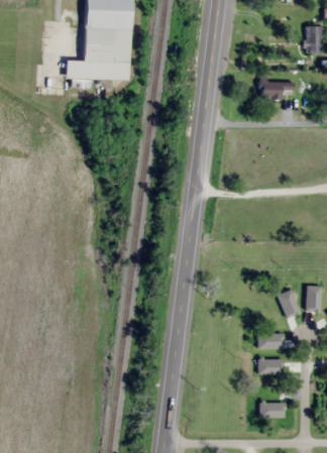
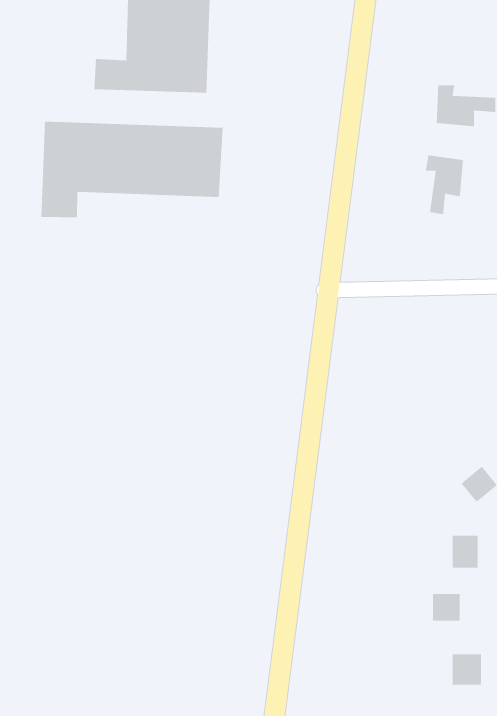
building: none -> [40,121,223,218]
building: none -> [425,155,464,215]

